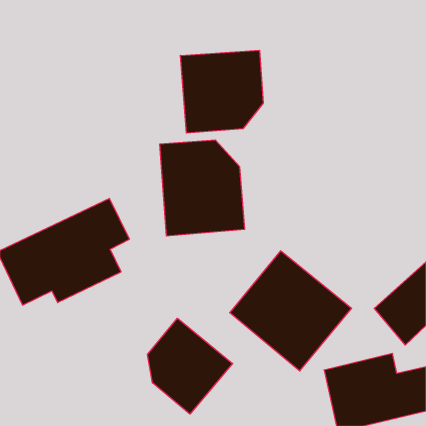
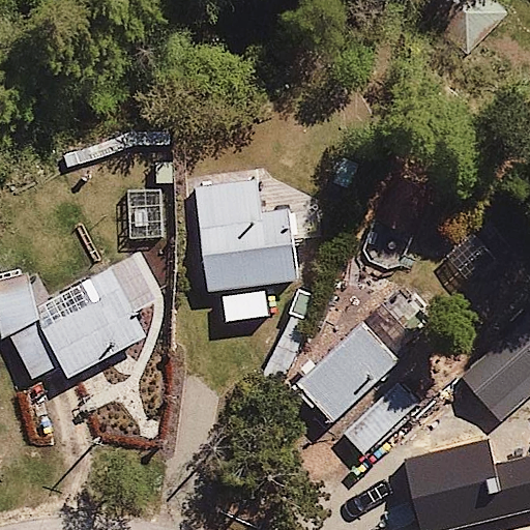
building: [180,50,263,133] -> none
building: [147,318,233,414] -> none

